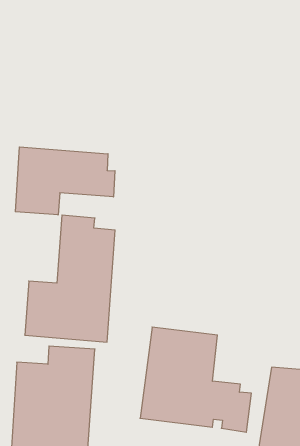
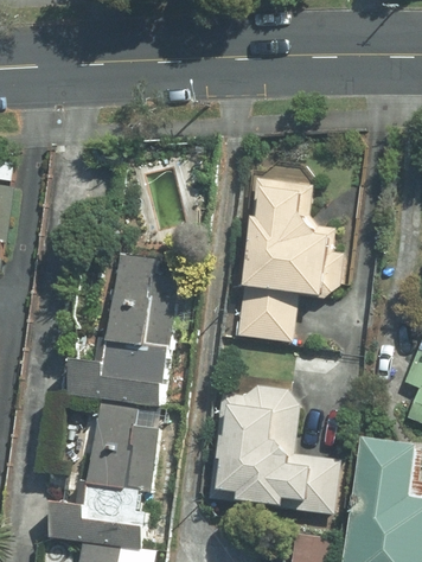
building: [15,147,115,215] -> none
building: none -> [234,177,341,344]

